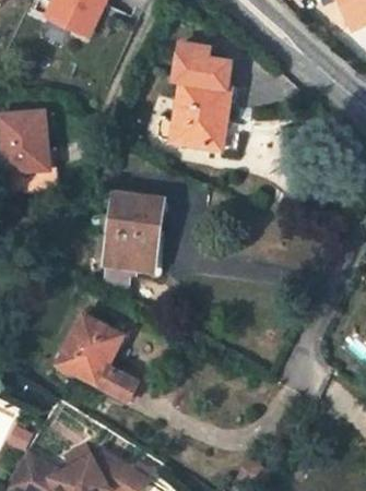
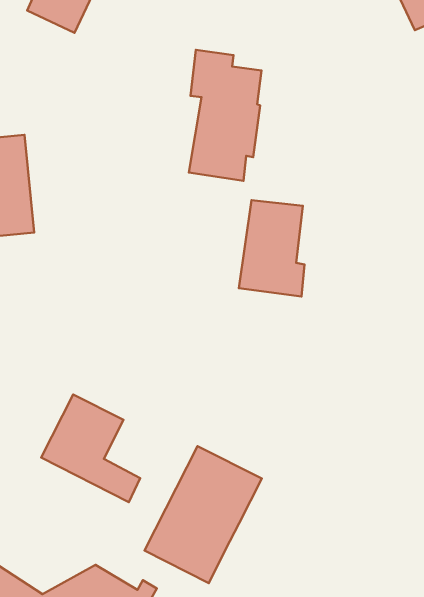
building: [106,193,157,268] -> [239,200,304,296]
building: none -> [144,446,262,583]

